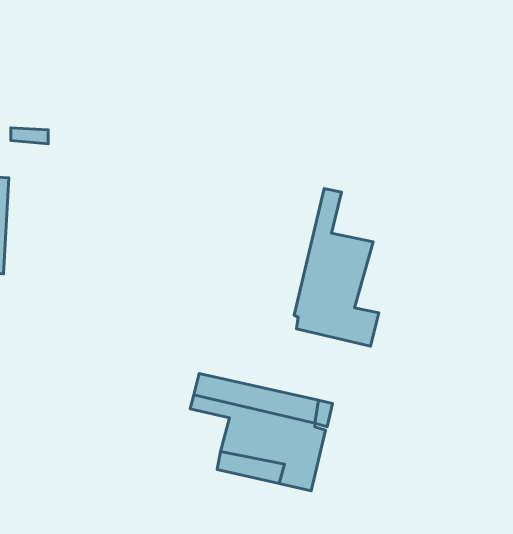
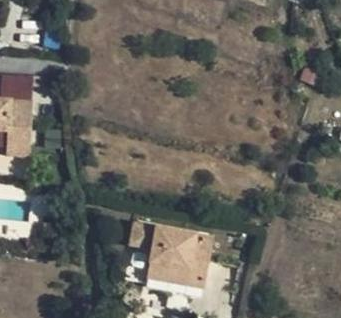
building: [294,188,379,346] -> none

